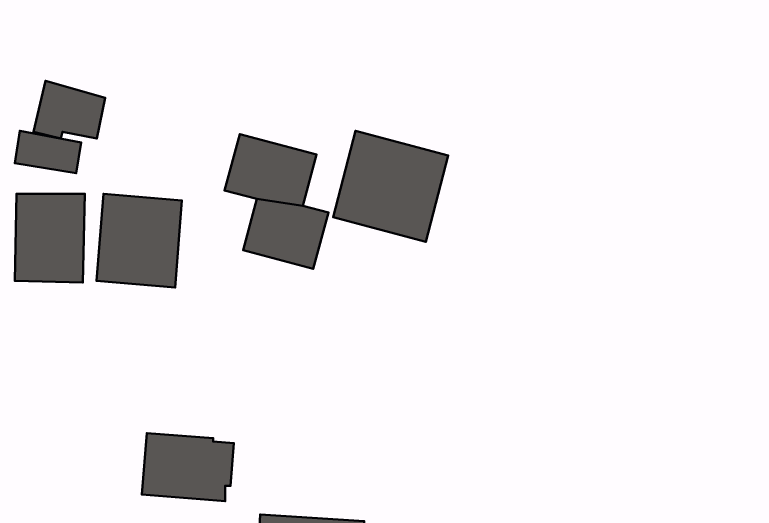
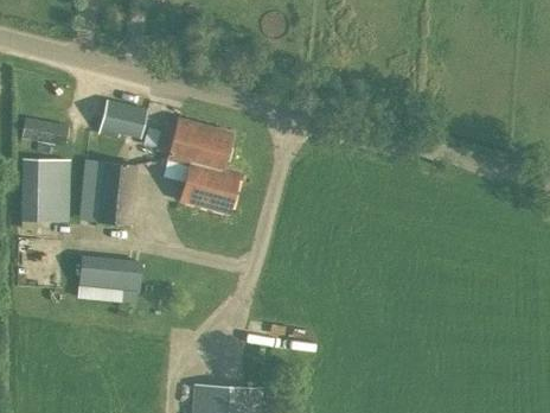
building: [34,81,105,139] -> [97,99,147,139]
building: [333,131,448,242] -> none
building: [142,433,234,501] -> [78,255,142,303]

